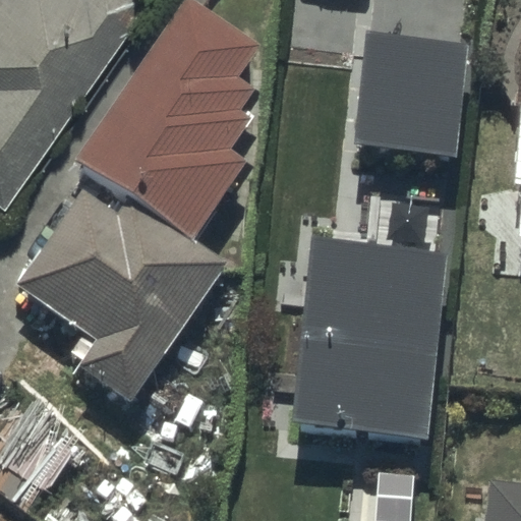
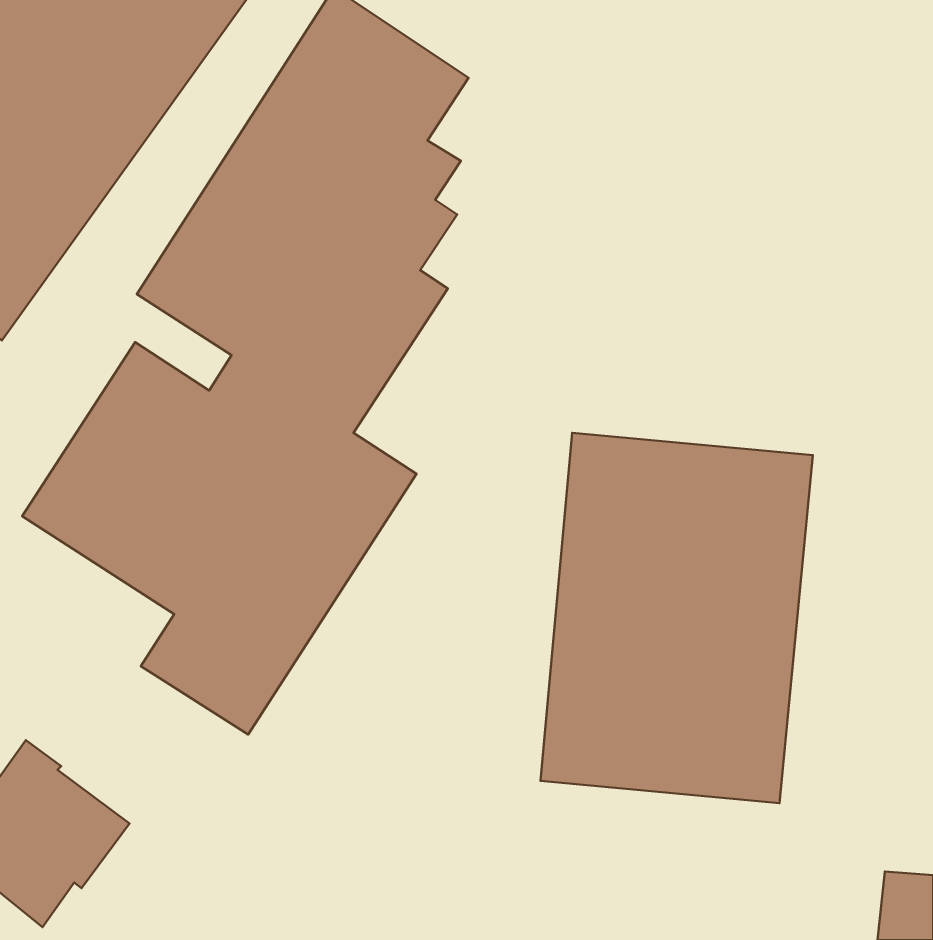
building: [356,28,469,159] -> none

